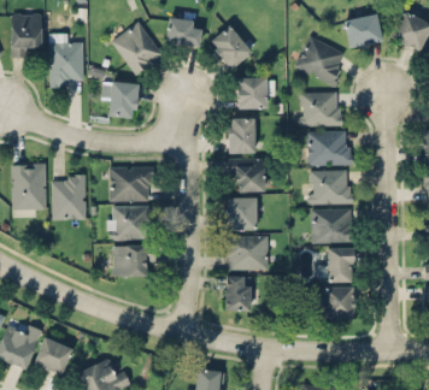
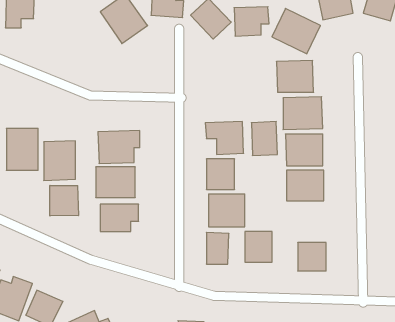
building: [48,34,83,84] -> none
building: [237,78,275,110] -> [234,7,269,36]
building: [102,82,137,118] -> none
building: [228,118,255,154] -> [251,122,277,155]
building: none -> [50,185,78,216]
building: [324,248,353,280] -> [245,232,272,262]

